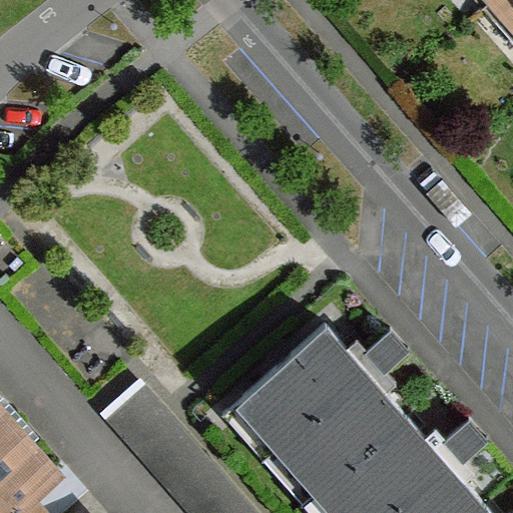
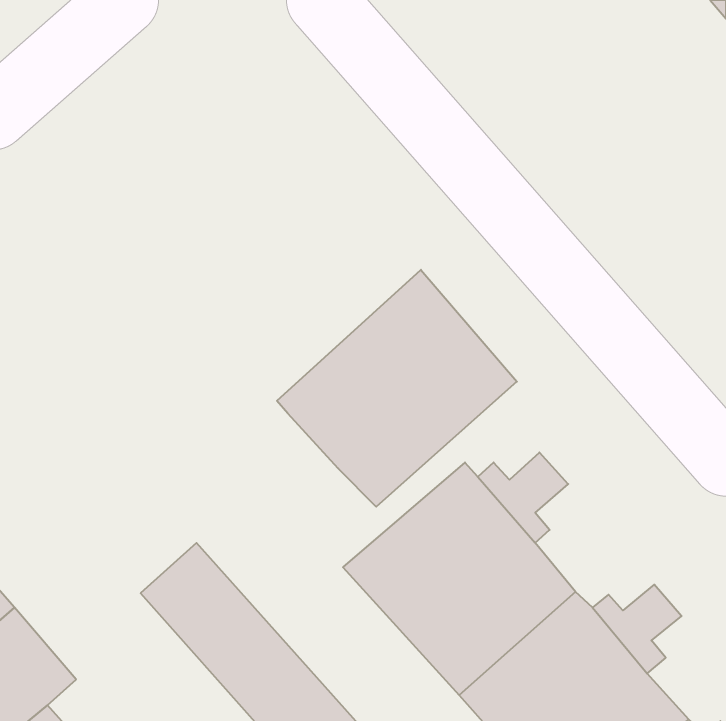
building: none -> [277,270,517,507]

